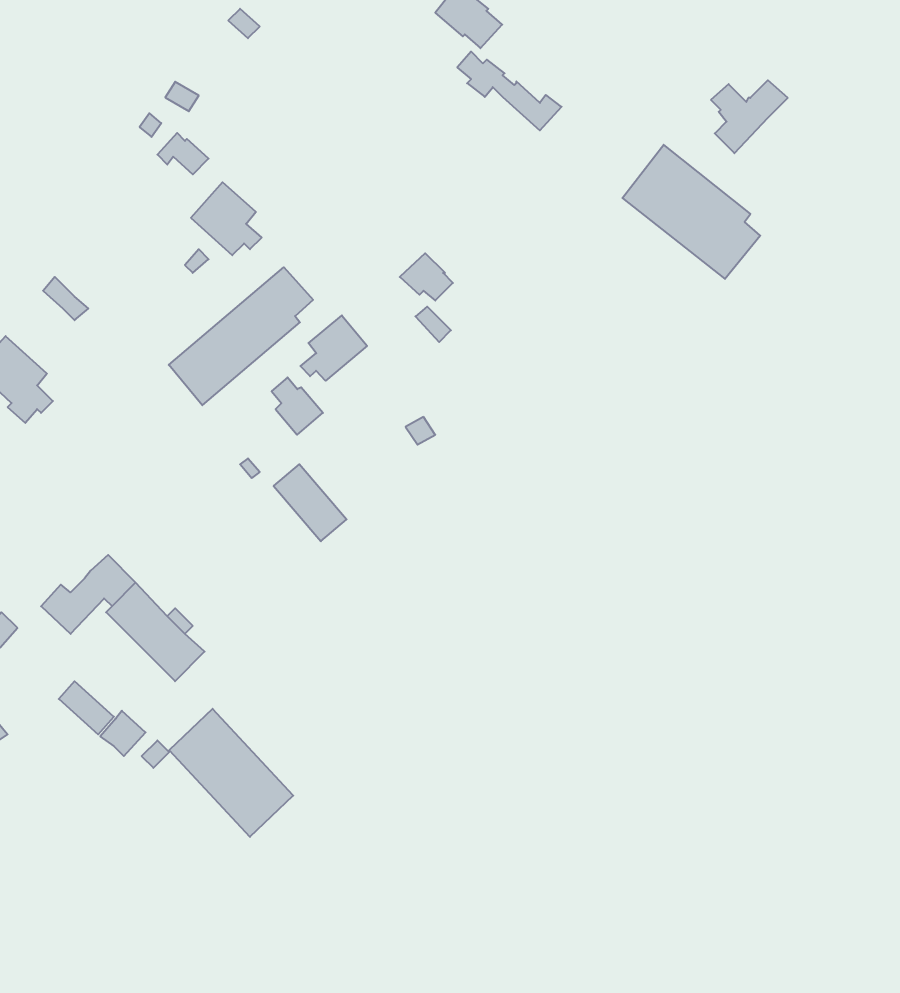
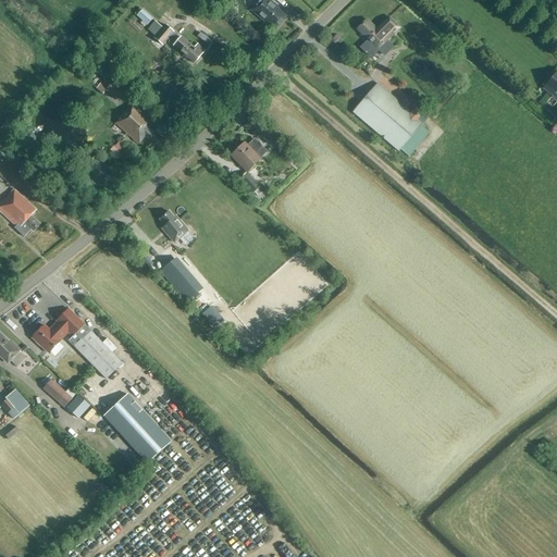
building: [457,52,562,130] -> [147,18,205,62]
building: [711,80,788,153] -> [356,16,398,57]
building: [169,267,313,405] -> none
building: [300,315,367,381] -> none

